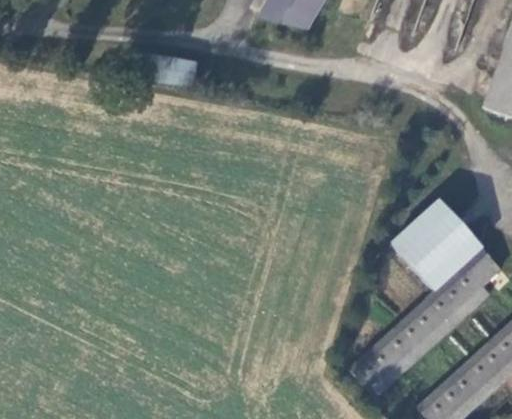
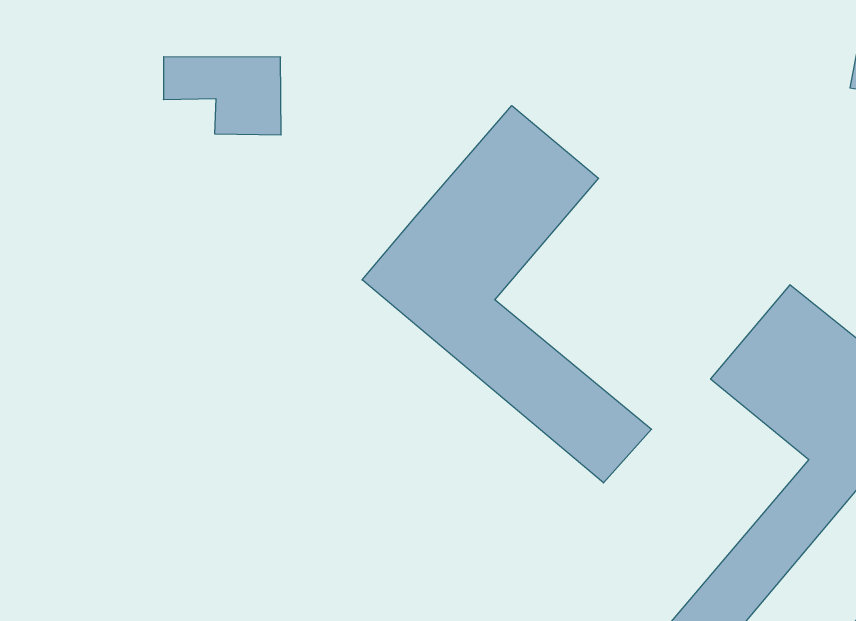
building: none -> [362,106,652,483]

